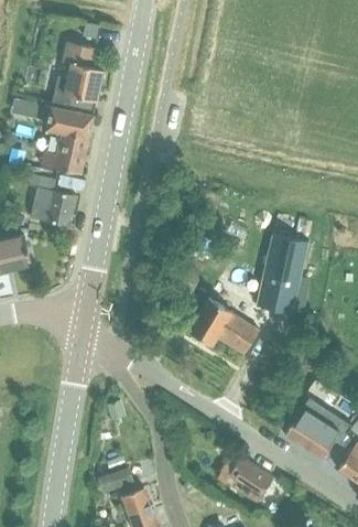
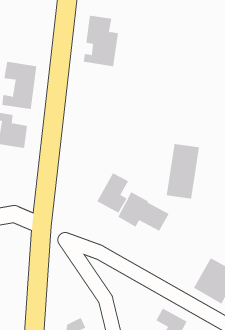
building: [52,43,104,116] -> [83,15,119,67]
building: none -> [96,172,129,213]

